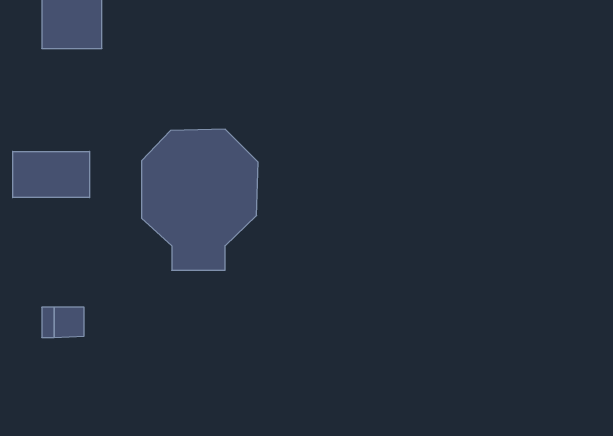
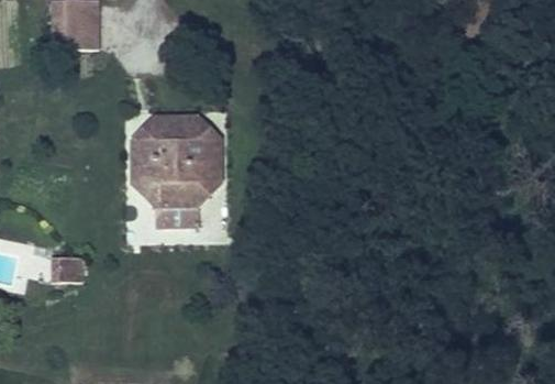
building: [13,151,90,198] -> none

